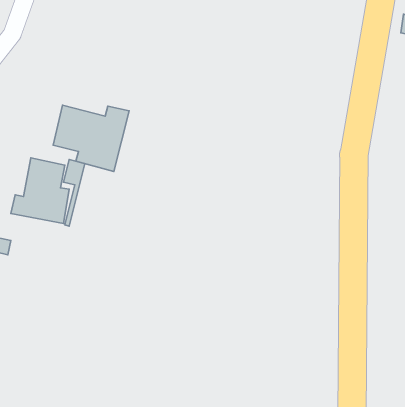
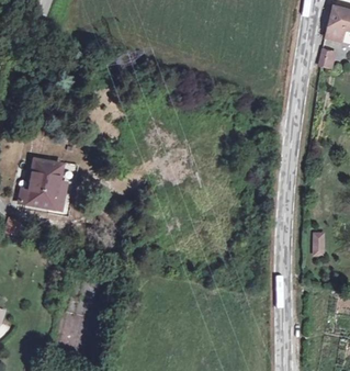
building: [53,105,129,172] -> none

